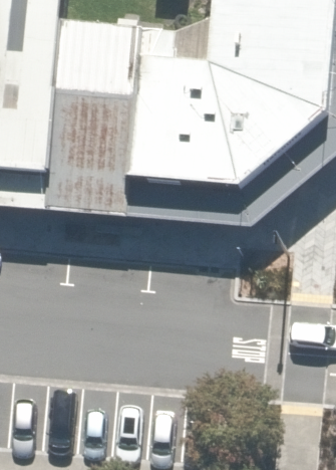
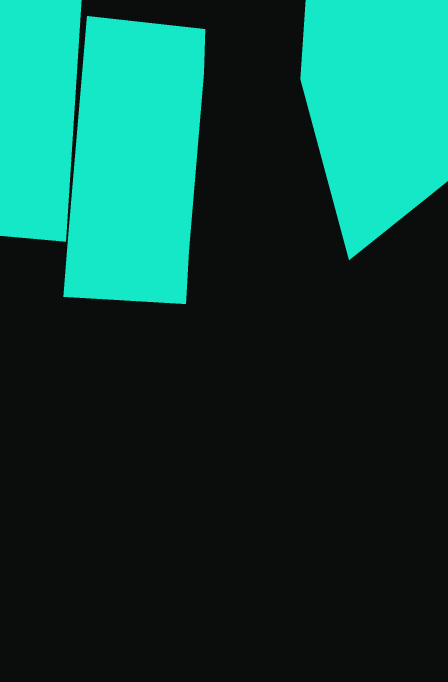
building: [134,56,242,184] -> none

